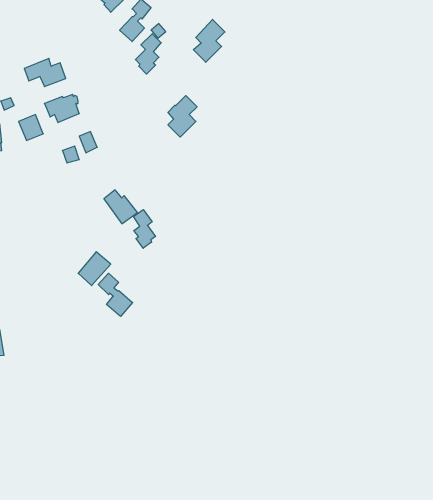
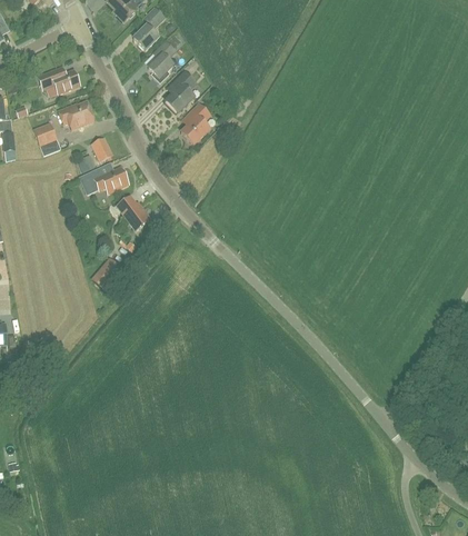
building: [193,19,225,62] -> [165,70,196,112]
building: none -> [90,166,127,191]
building: [134,210,155,248] -> none
building: [98,273,133,316] -> none

